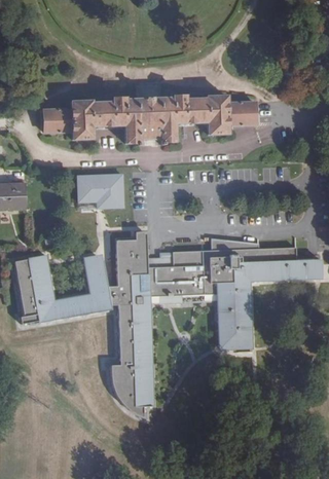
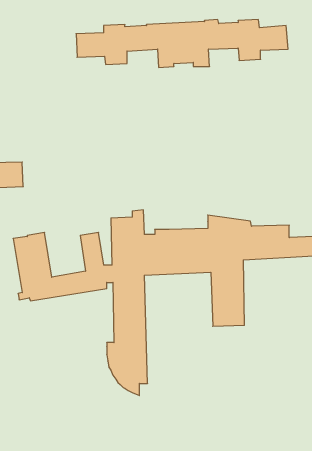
building: [41,95,255,143] -> [76,20,288,67]
building: [76,172,124,209] -> none

